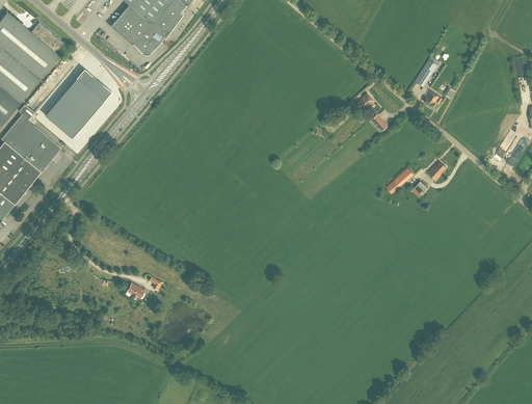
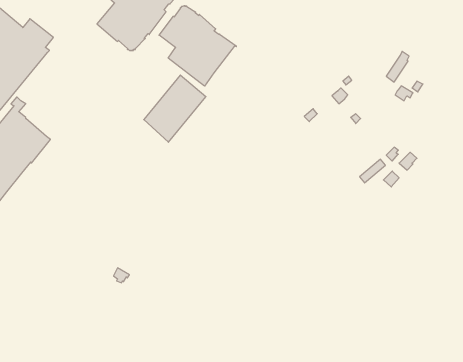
building: none -> [159,6,236,86]
building: [46,70,111,140] -> [144,75,206,142]

